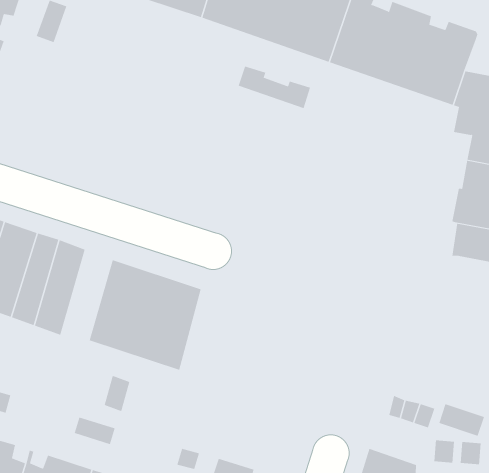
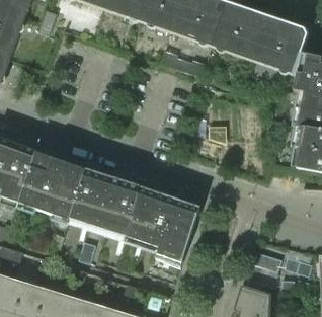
building: none -> [53,162,84,220]
building: none -> [126,186,198,267]

